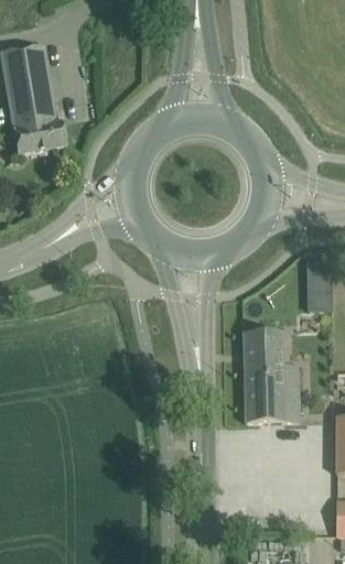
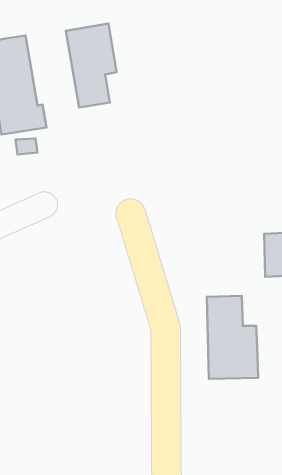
building: none -> [66,23,116,108]

